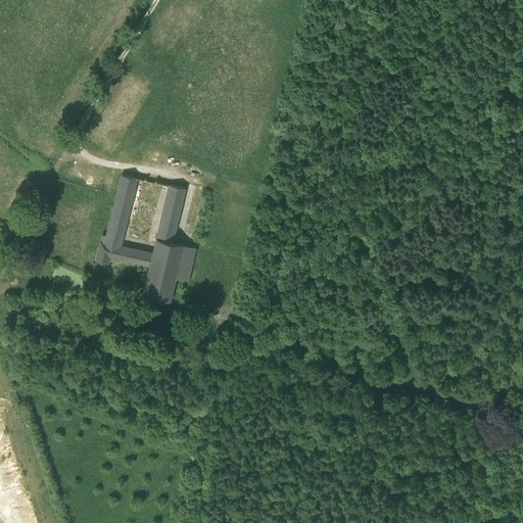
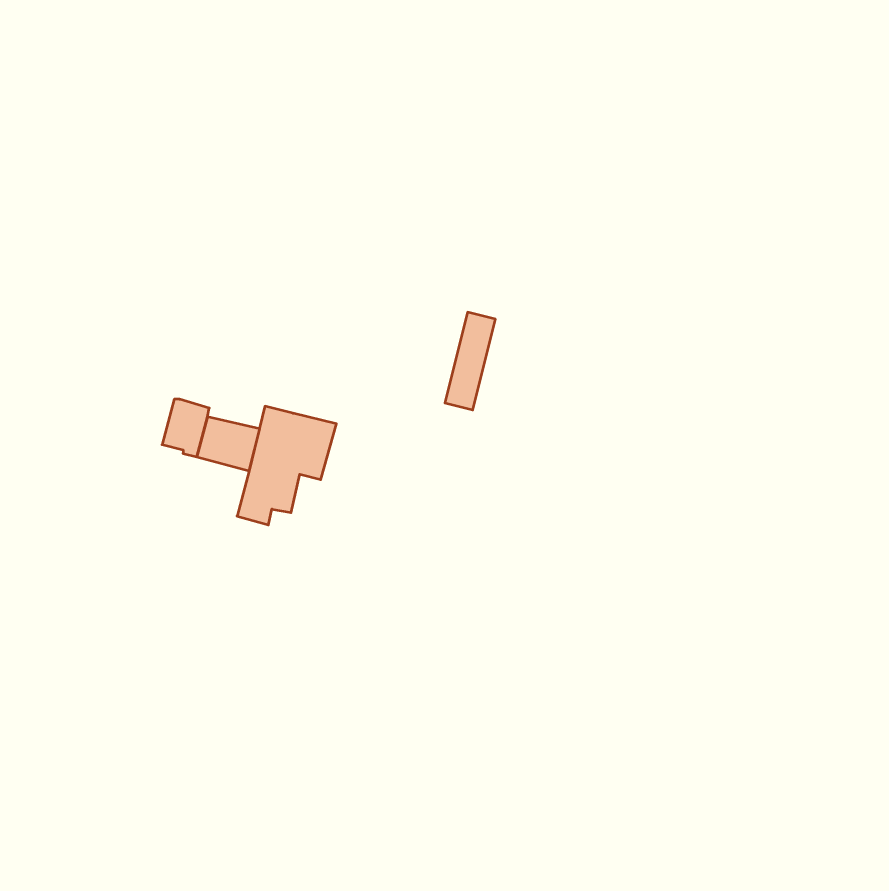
building: [106,172,139,239] -> none
building: [156,185,186,242] -> [445,312,495,410]

